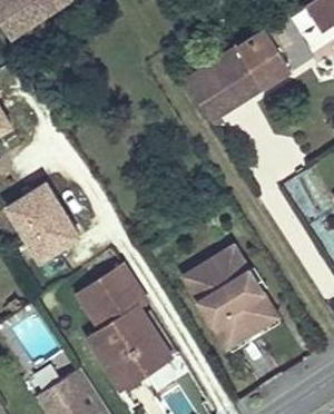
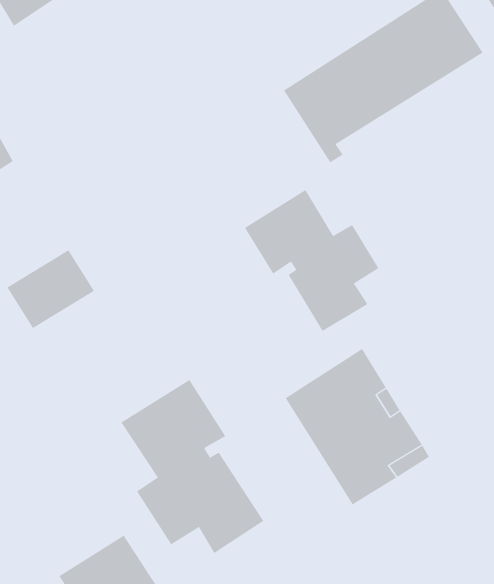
building: none -> [244,189,379,332]
building: [22,210,78,262] -> none

